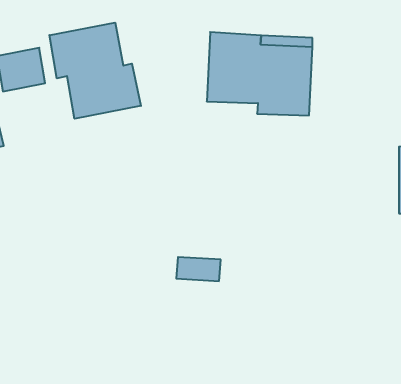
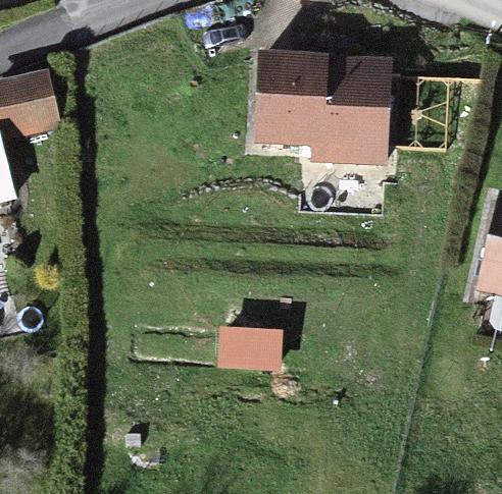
building: [49,23,141,119] -> none

